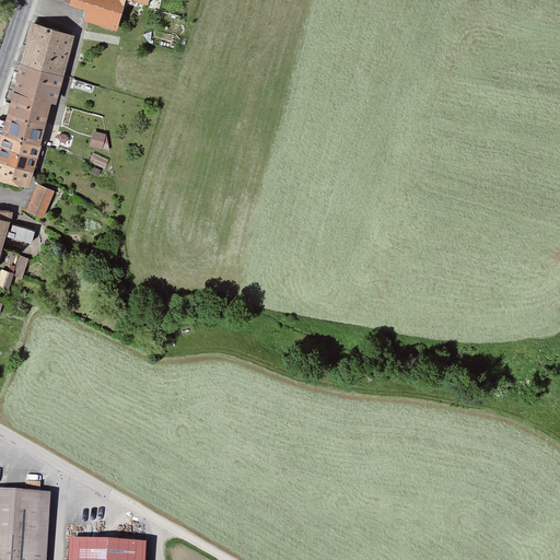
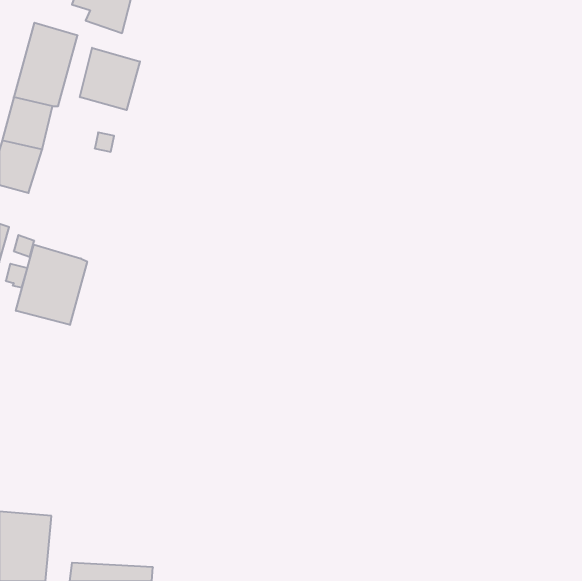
building: none -> [80,48,140,110]
building: [25,183,51,215] -> none
building: none -> [16,244,87,325]

